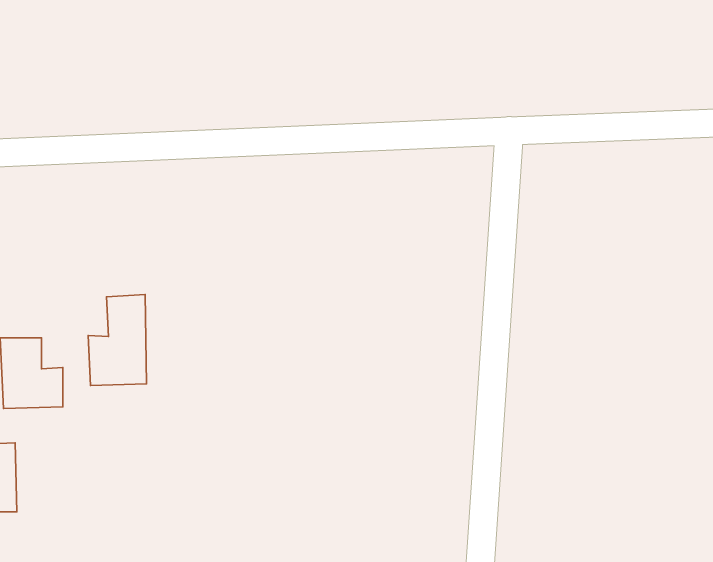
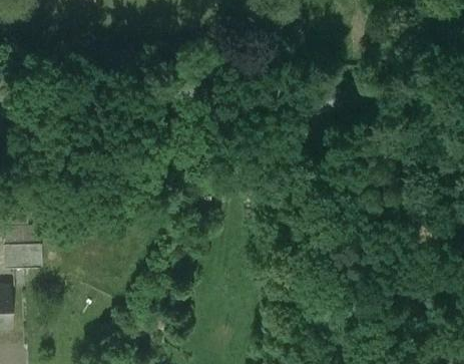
building: [88,294,146,385] -> none

